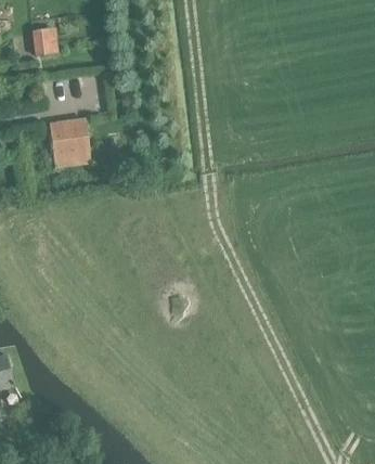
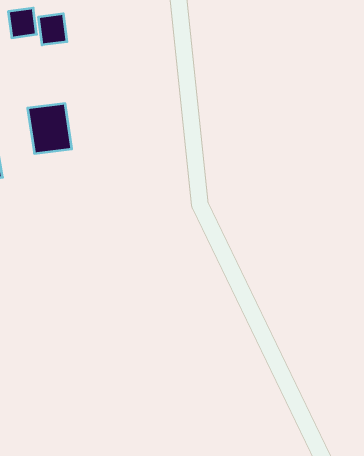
building: none -> [39,14,67,45]

